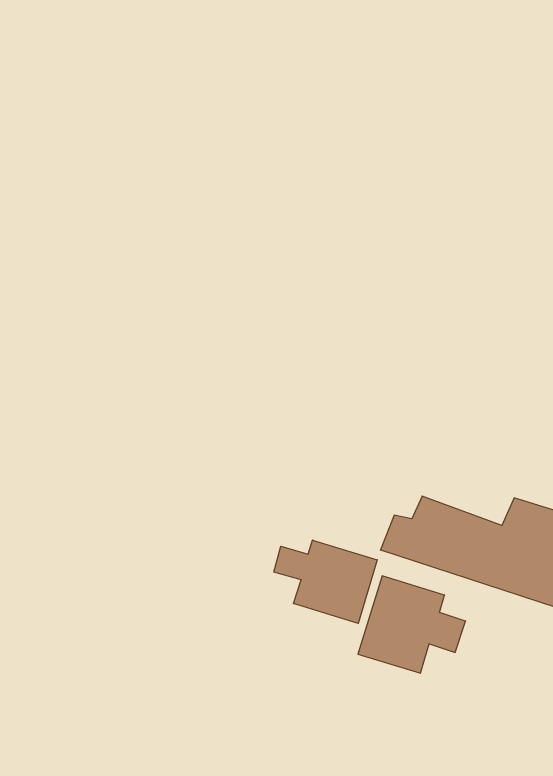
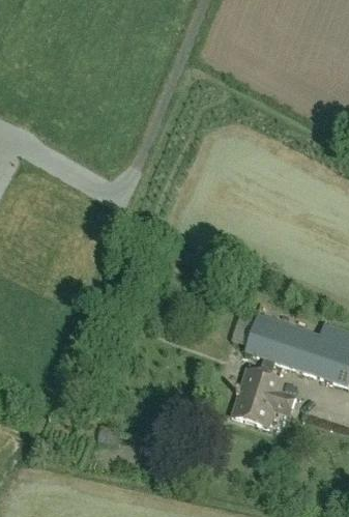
building: [274,540,377,623] -> none

